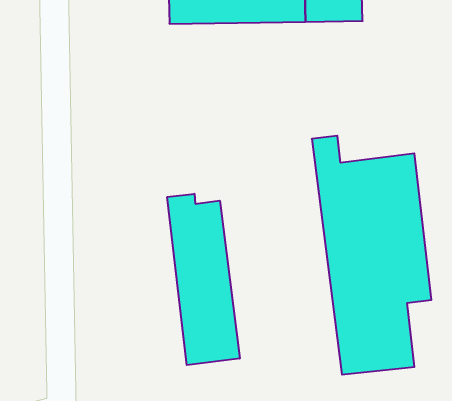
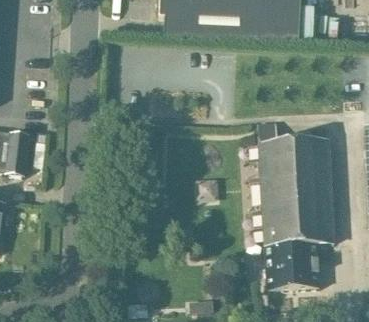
building: [167,194,240,365] -> none

